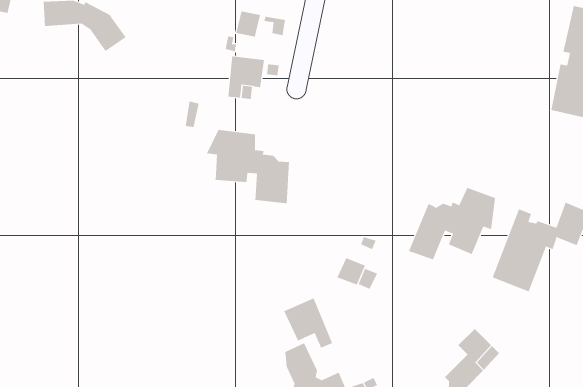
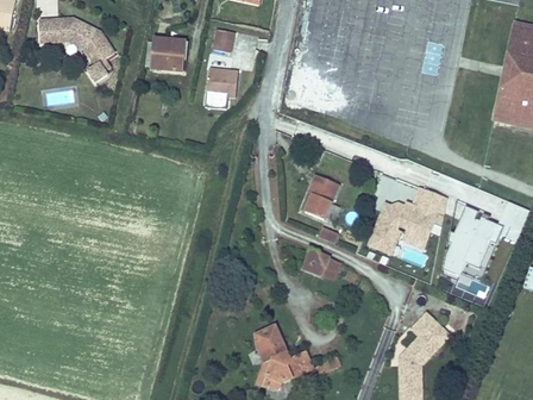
building: none -> [151,38,182,70]
building: [206,129,290,204] -> none
building: none -> [305,173,339,219]
building: [283,298,333,348] -> none

